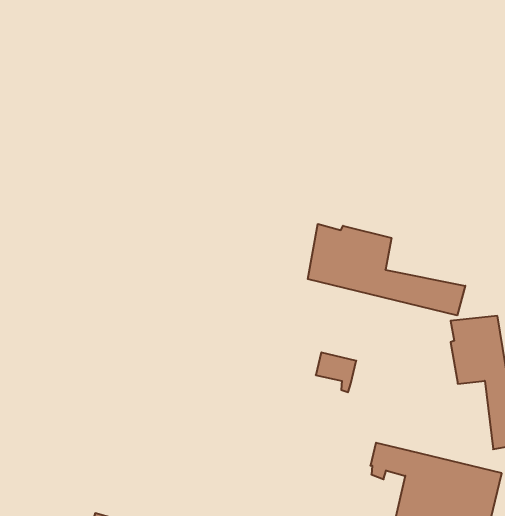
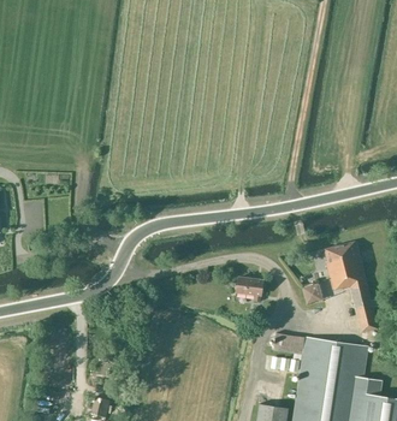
building: [308,224,465,315] -> none

